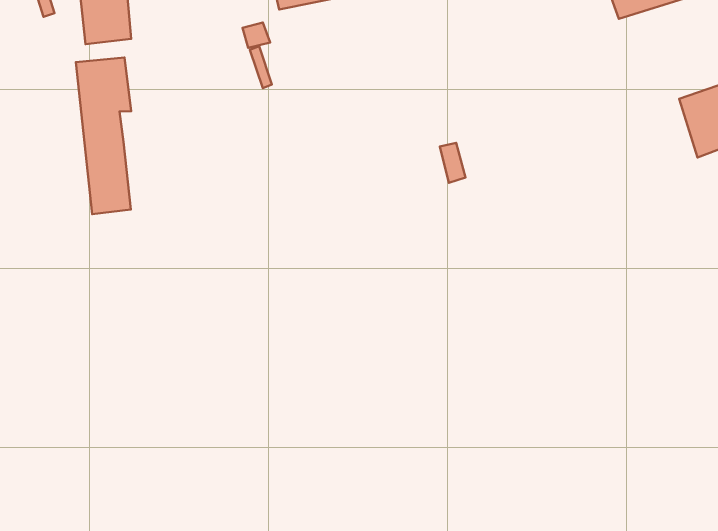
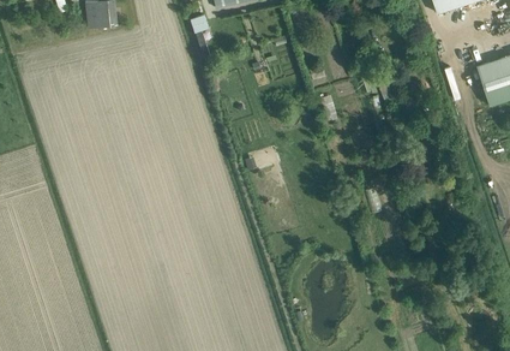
building: [76,58,131,214] -> none

